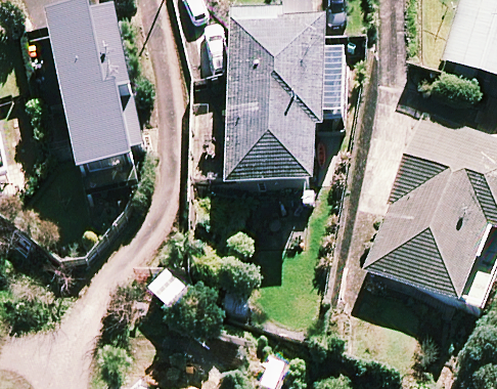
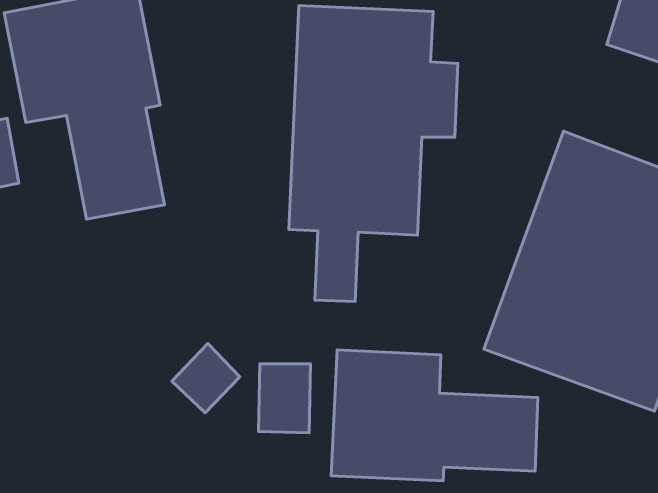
building: none -> [331,350,538,481]

